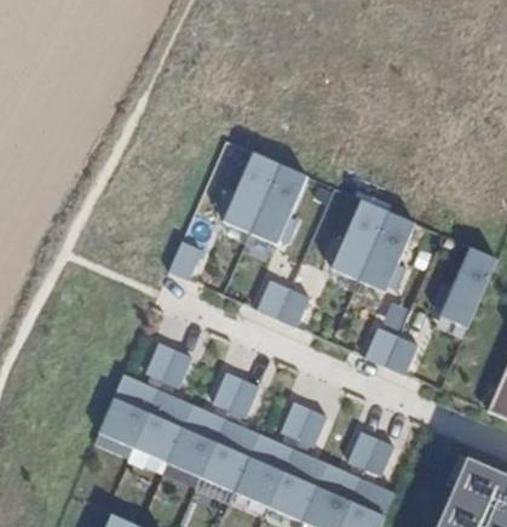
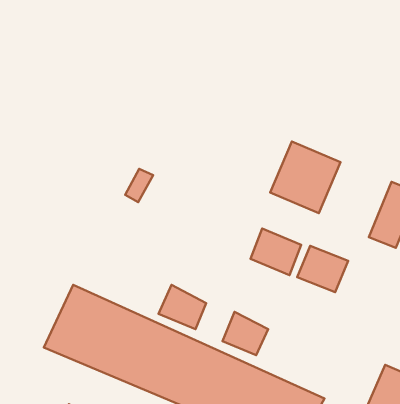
building: [224,154,310,246] -> none
building: [259,277,316,330] -> [250,229,301,275]
building: [148,340,196,390] -> none
building: [353,434,401,475] -> none

